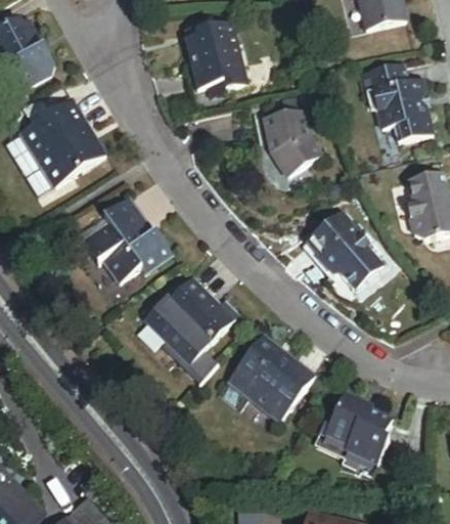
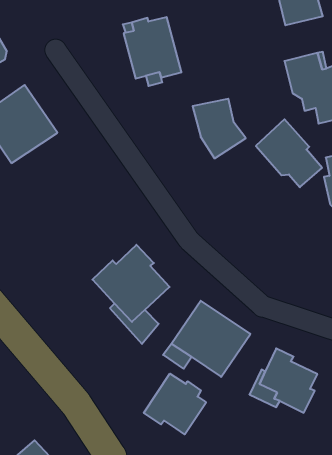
building: [84,194,177,282] -> none
building: [306,213,379,289] -> [256,119,322,187]
building: none -> [144,374,206,434]

